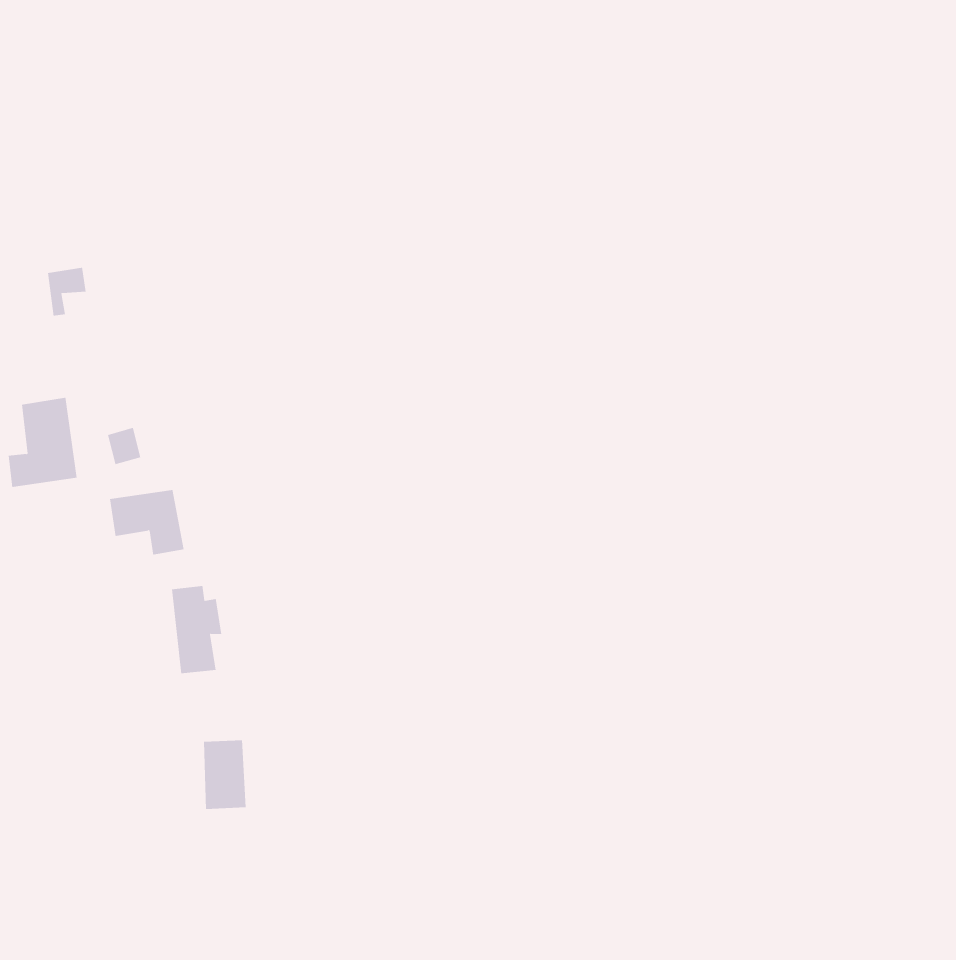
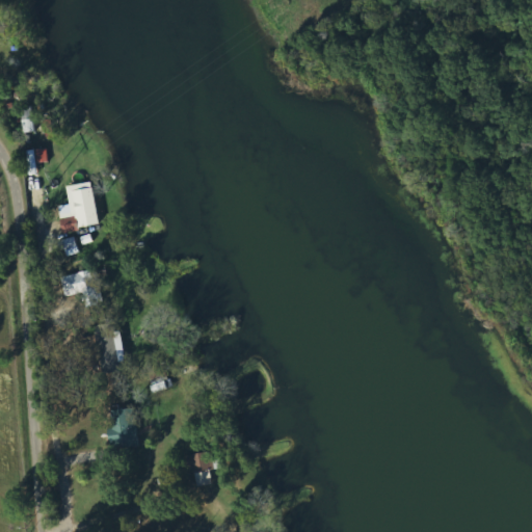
building: [8,397,78,487] -> [59,181,98,231]
building: none -> [182,452,213,486]

